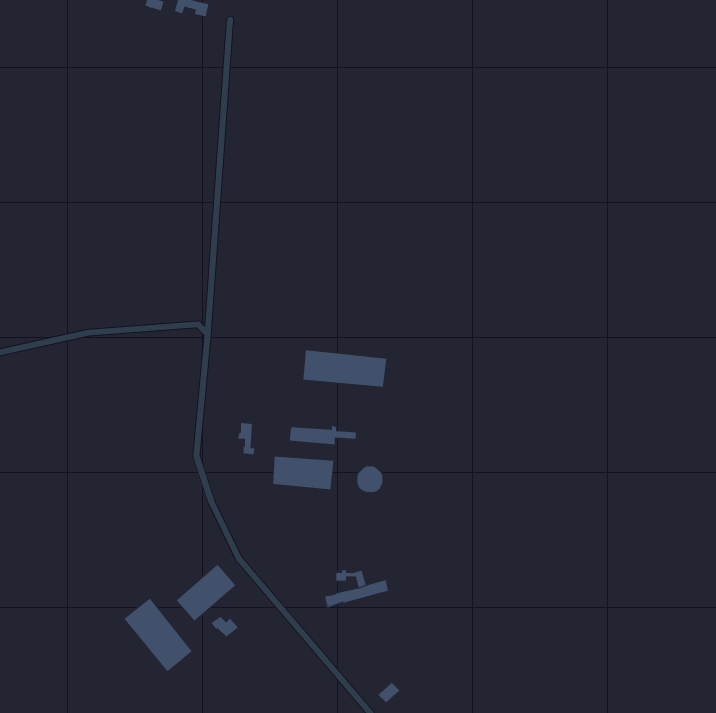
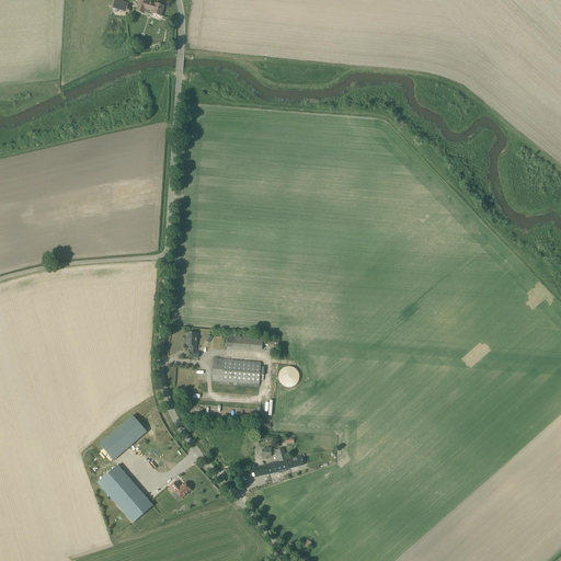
building: [303,350,387,387] -> none
building: [176,564,236,622] -> [101,413,148,458]

